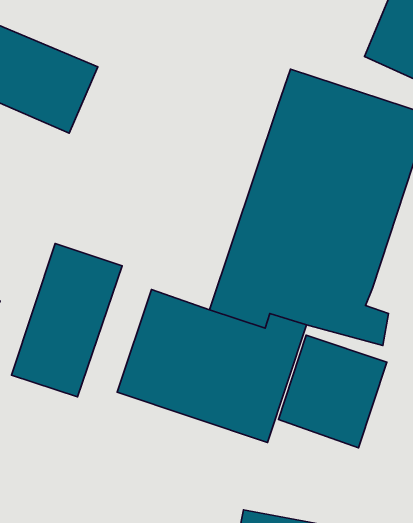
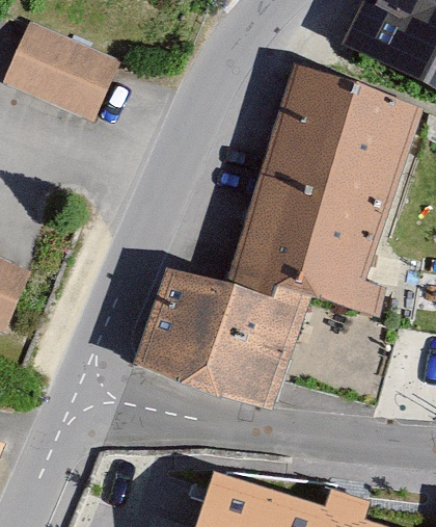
building: [11,243,122,397] -> none
building: [278,335,387,448] -> none

